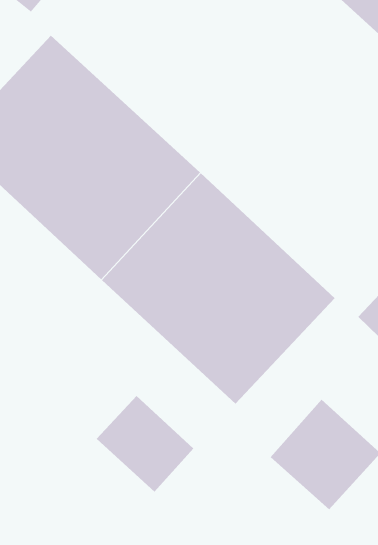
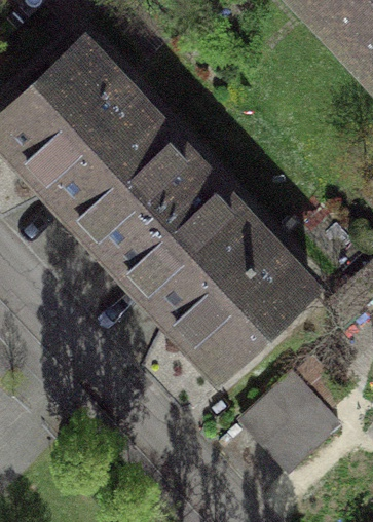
building: [96,395,194,492] -> none

